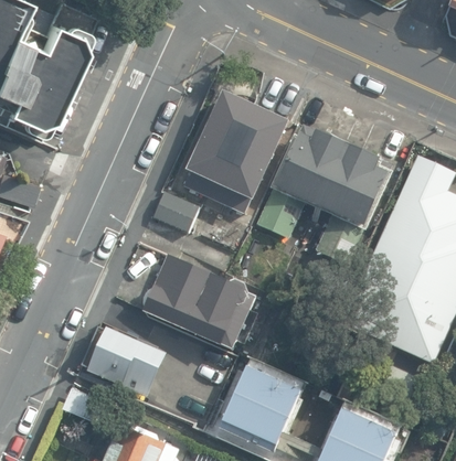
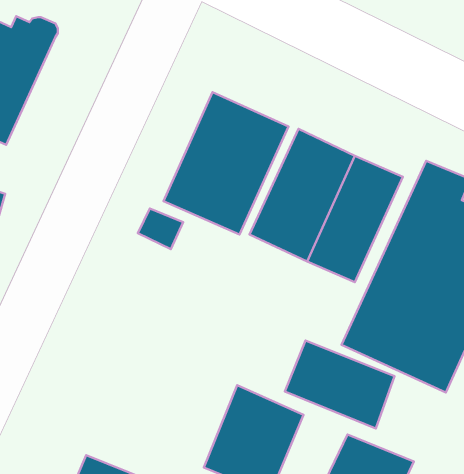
building: [142,257,262,350] -> none
building: none -> [285,340,394,429]
building: [86,329,167,396] -> none

